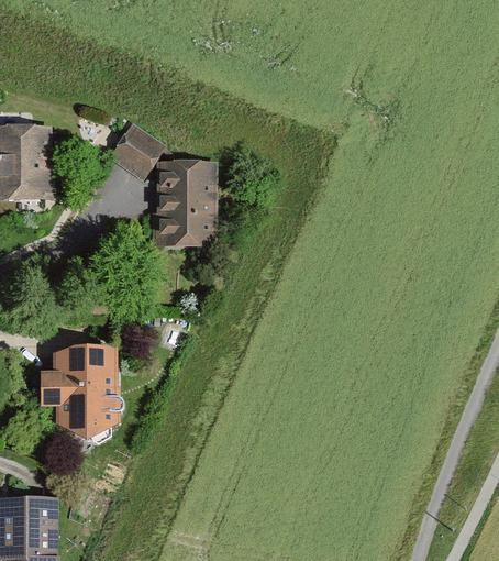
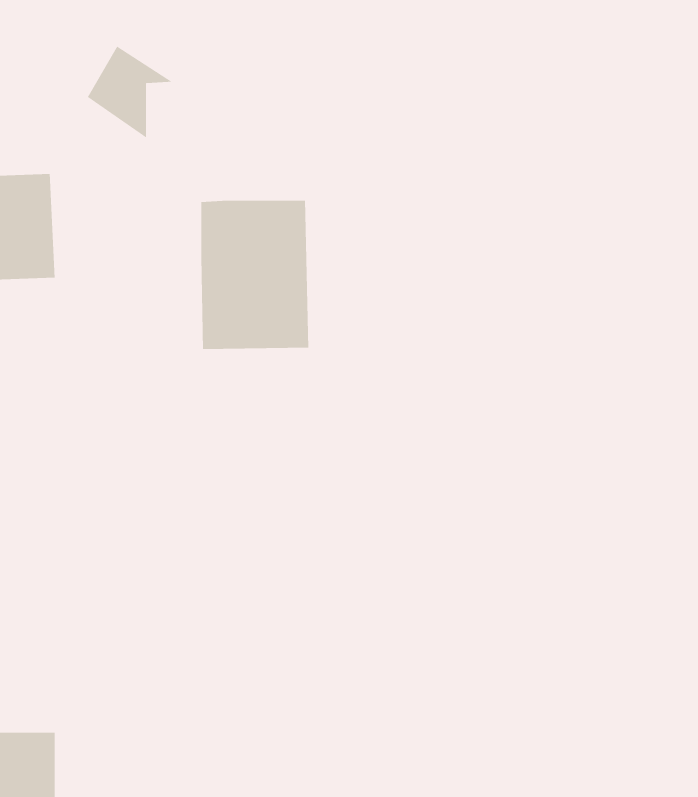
building: [110,122,167,184] -> [87,45,174,139]
building: [40,350,112,432] -> none

